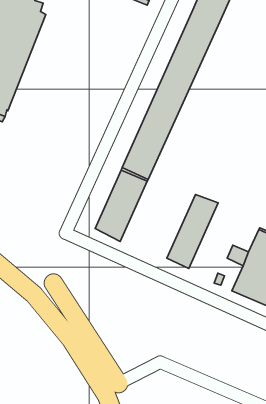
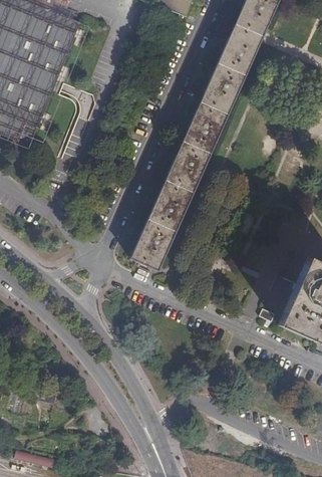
building: [167,195,218,268] -> none

